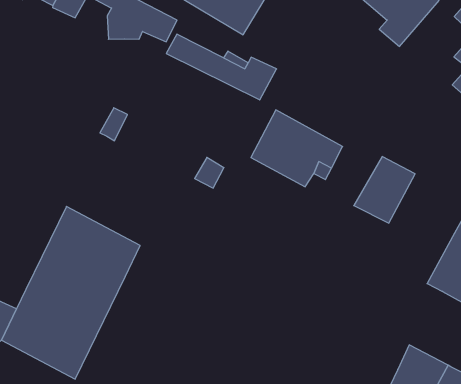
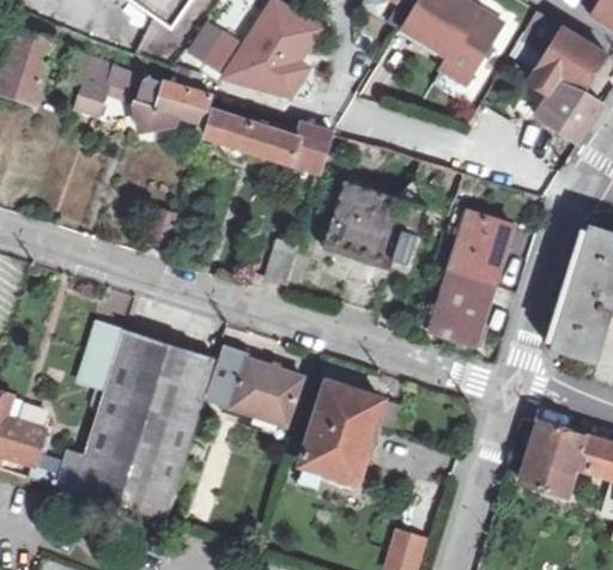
building: none -> [74,321,122,390]
building: none -> [429,273,491,345]
building: none -> [213,363,298,426]
building: none -> [298,382,378,484]

